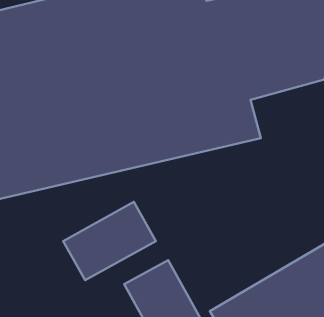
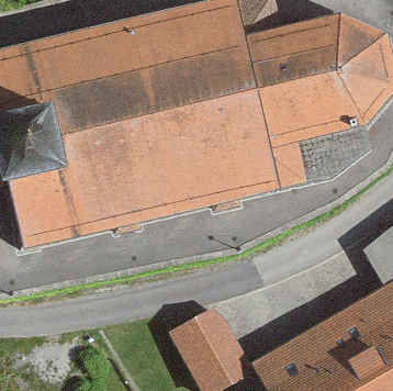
building: [63,202,156,280] -> none

